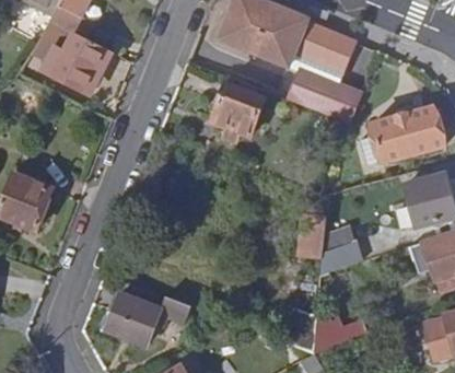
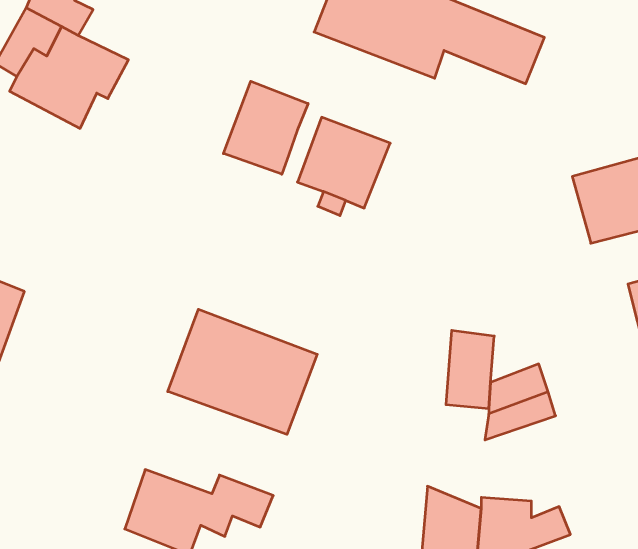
building: none -> [223,81,308,174]
building: [285,70,360,127] -> none
building: none -> [168,309,317,434]

